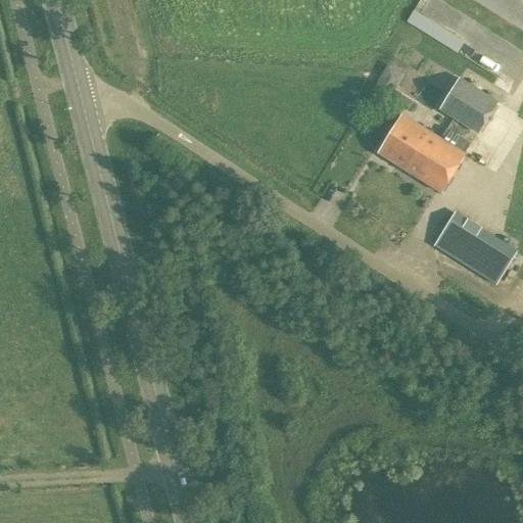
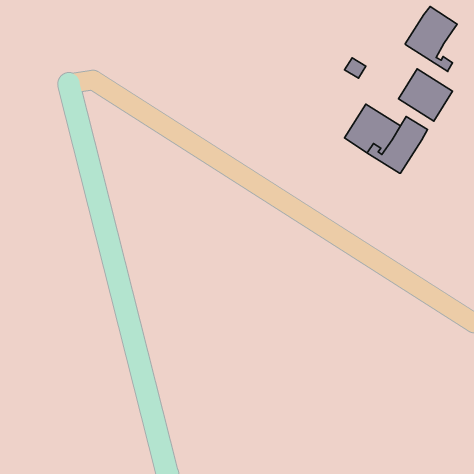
building: none -> [405,6,457,71]
building: [434,213,513,282] -> none

